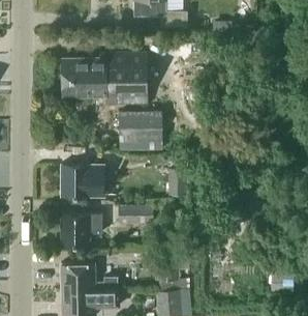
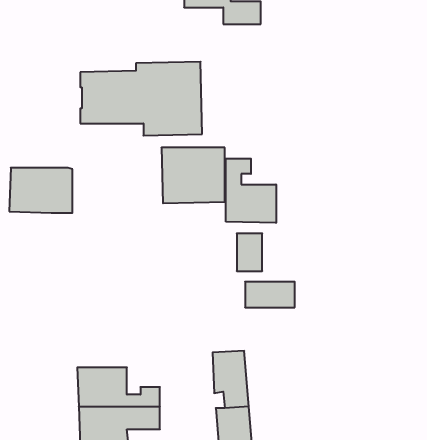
building: none -> [226,159,276,223]
building: [61,165,104,196] -> [9,168,72,213]
building: [118,205,152,223] -> [245,282,295,307]
building: [61,214,102,245] -> none

